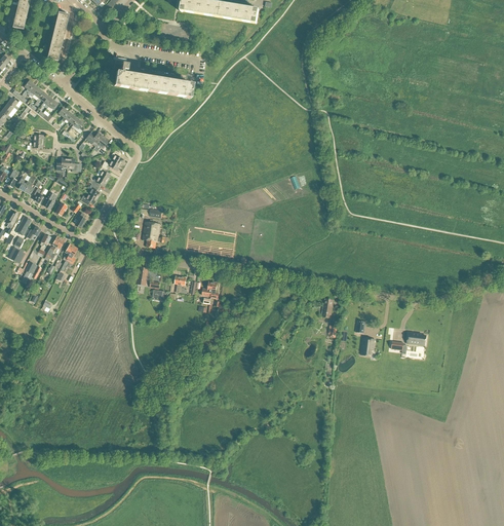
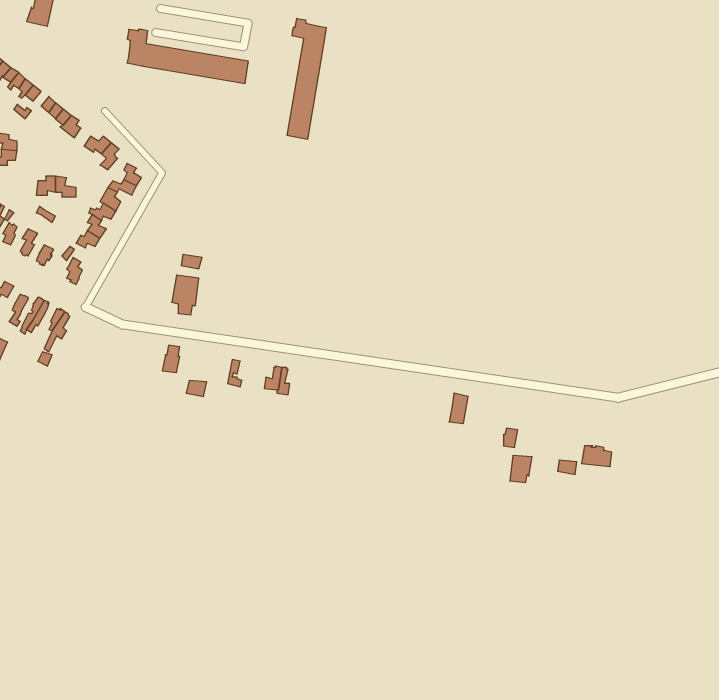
building: none -> [287,18,326,139]

